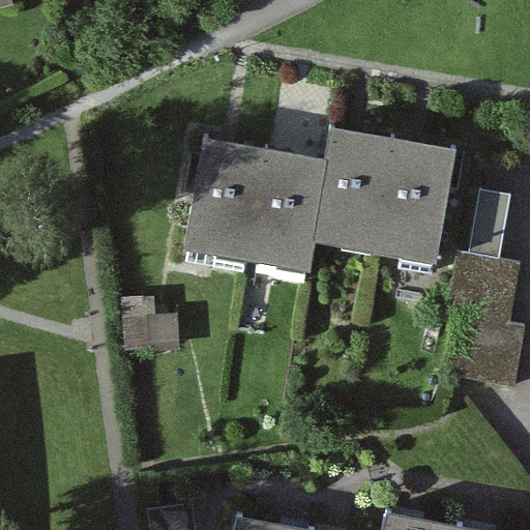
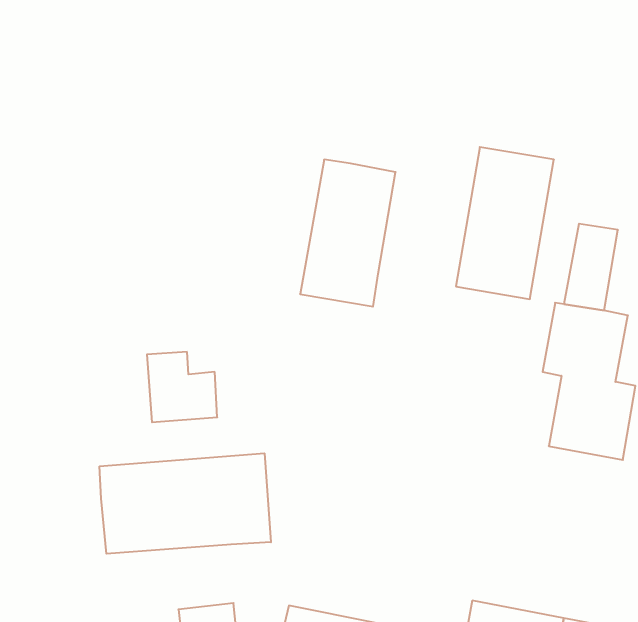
building: [312,126,395,253] -> none
building: [184,137,267,259] -> none
building: none -> [100,453,271,554]

